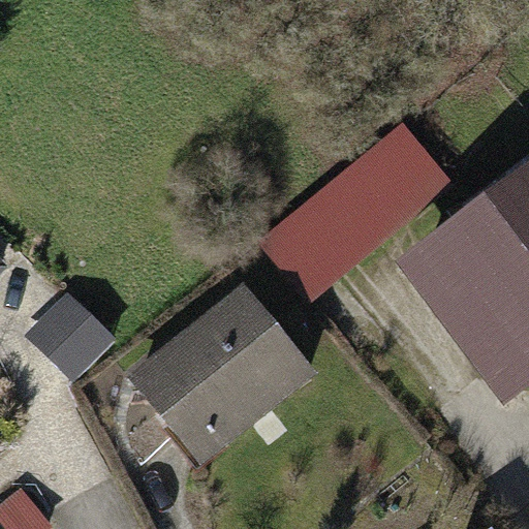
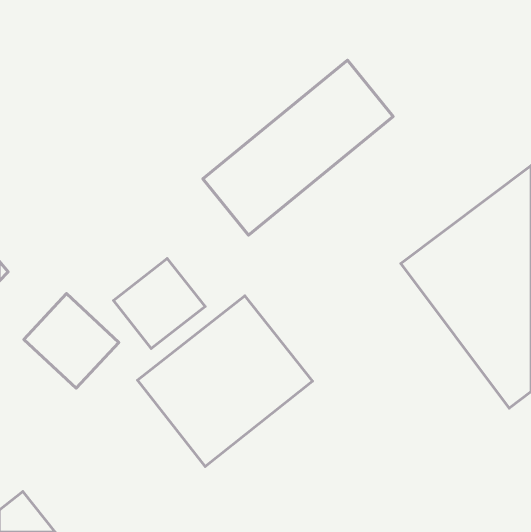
building: [263,118,453,291] -> [203,60,393,235]
building: none -> [114,258,205,348]

